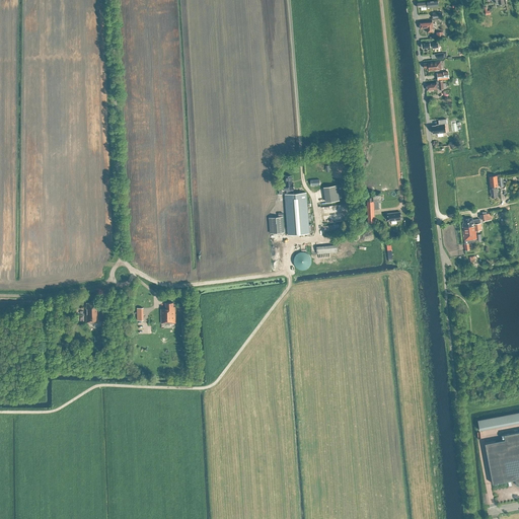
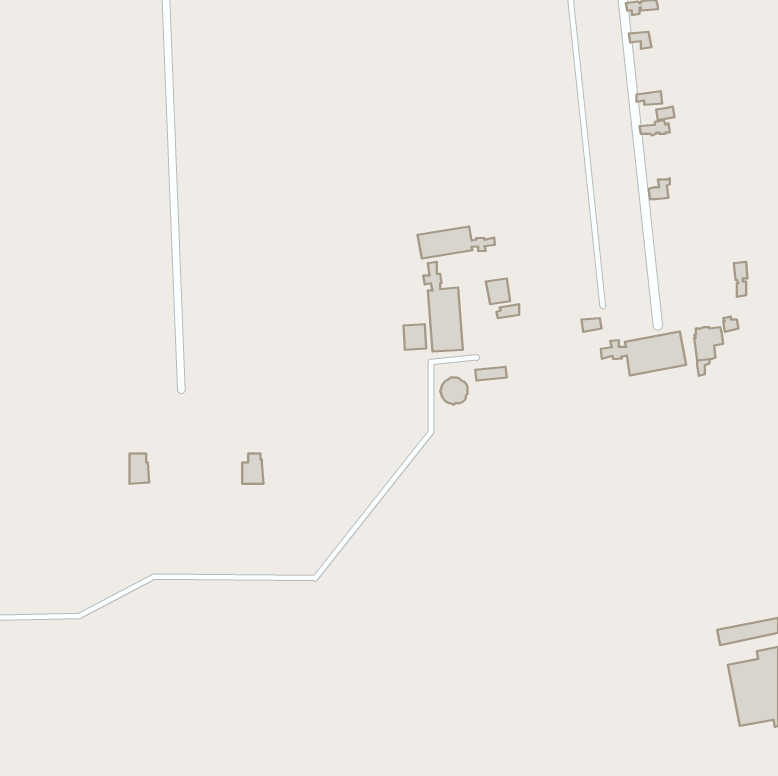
building: none -> [417,226,495,258]
building: none -> [601,331,686,375]

